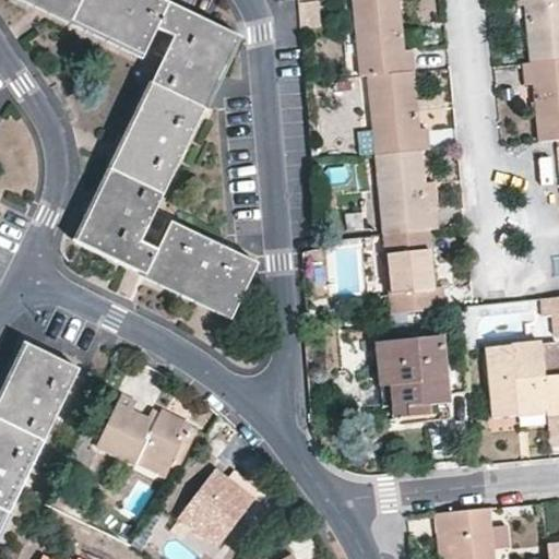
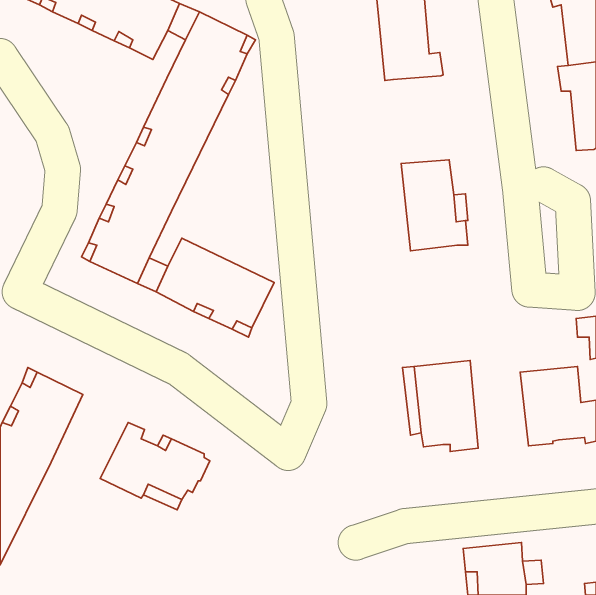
building: [368,71,431,153] -> none
building: [384,229,447,312] -> none
building: [178,469,260,547] -> none

